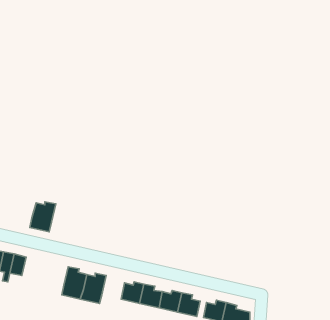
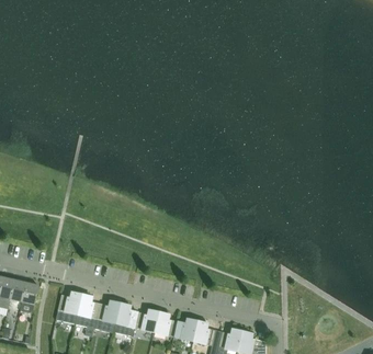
building: [30,202,56,232] -> [54,293,80,323]
building: none -> [112,304,137,336]

